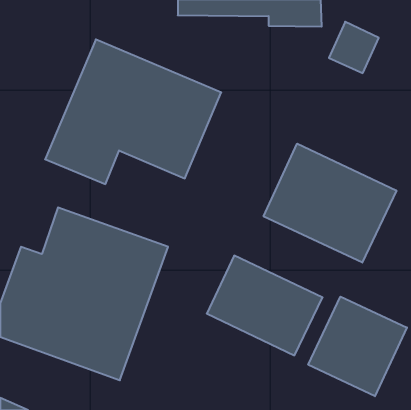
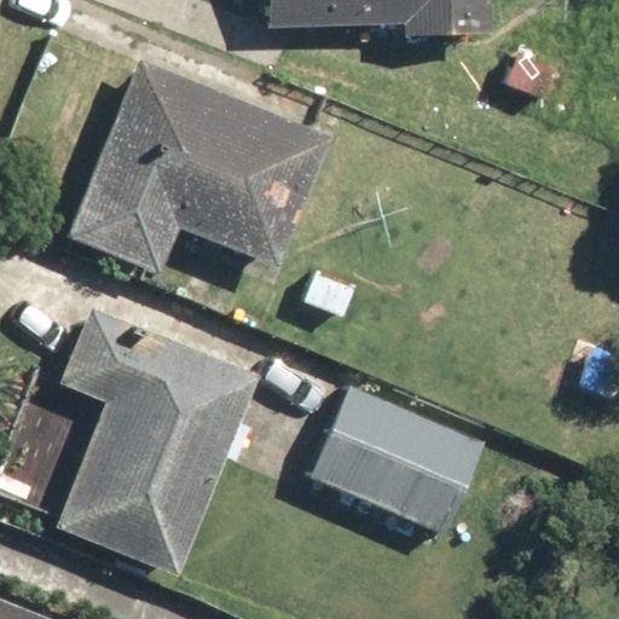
building: [264,144,396,263] -> none
building: [308,297,407,396] -> none

